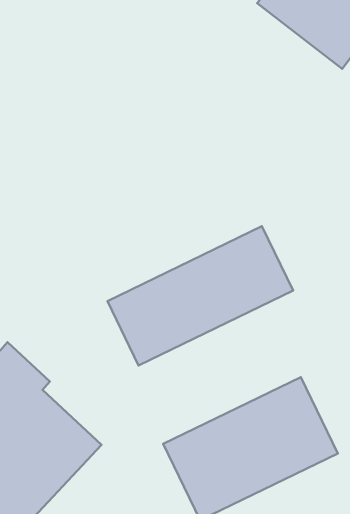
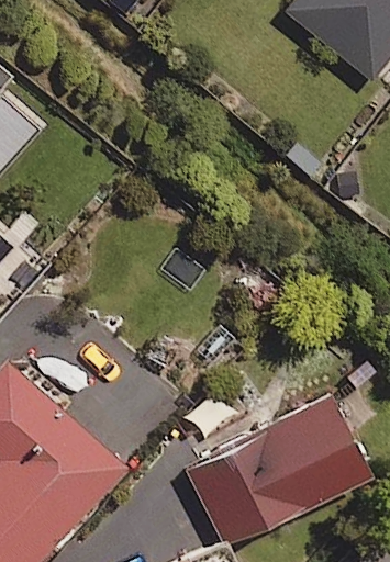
building: [108,226,293,365] -> none

